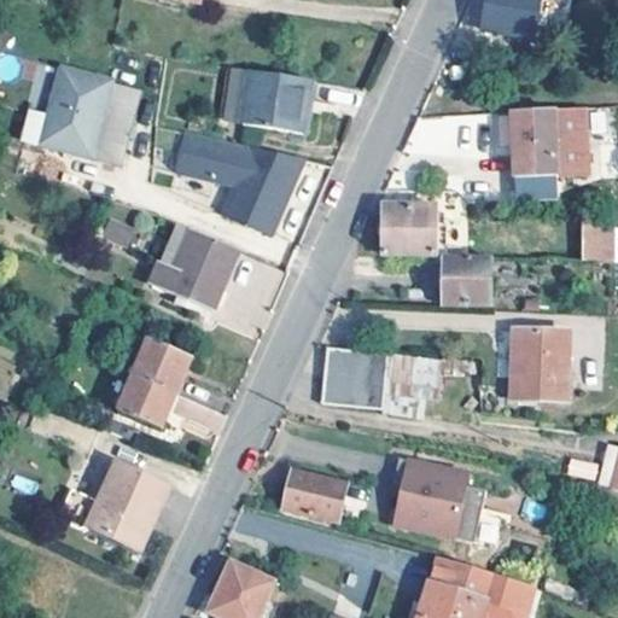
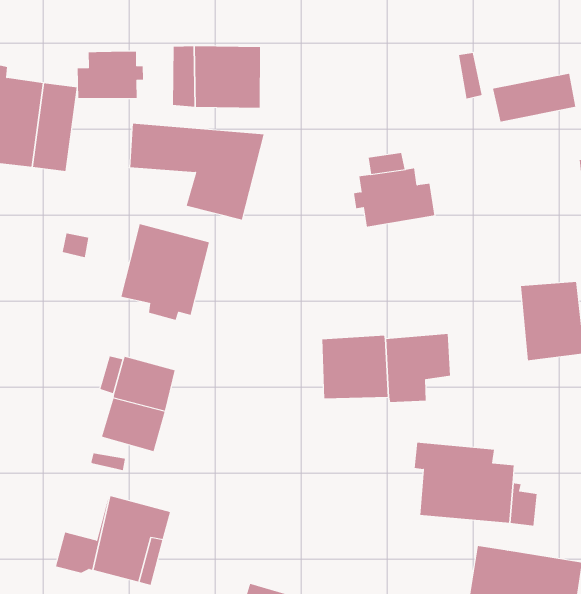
building: none -> [77,51,144,99]
building: [514,109,588,146] -> none
building: [442,257,489,305] -> none
building: [281,471,345,523] -> none

